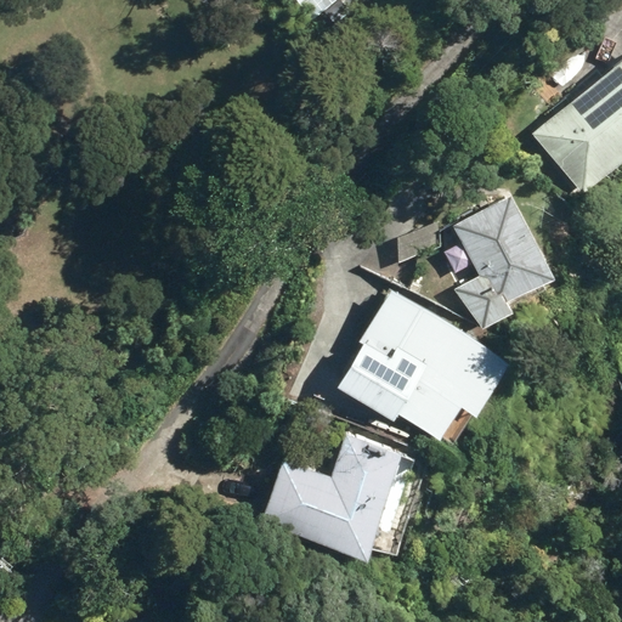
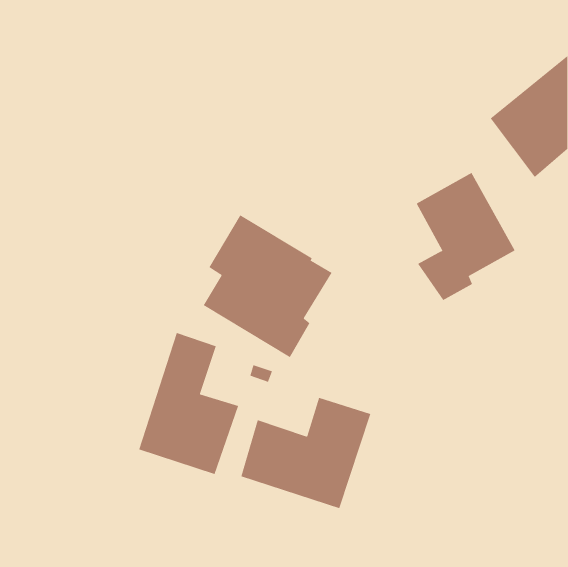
building: [351,288,492,443] -> [203,215,333,358]
building: none -> [138,332,239,475]

